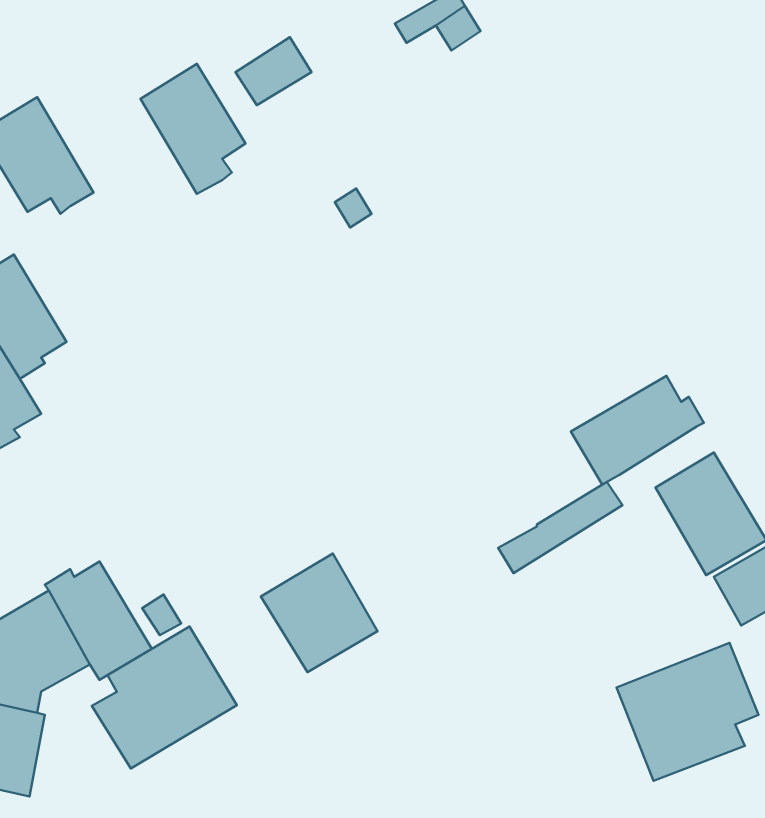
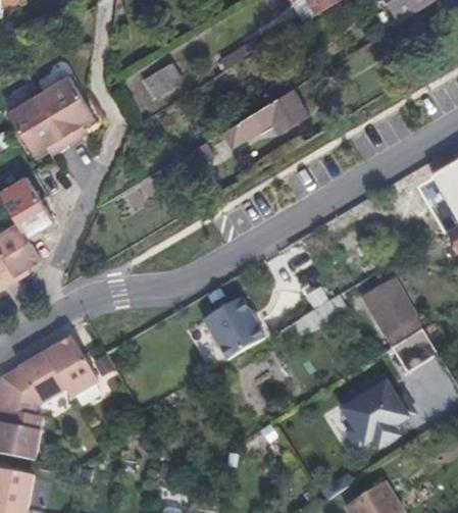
building: [140,64,245,194] -> [38,74,93,143]
building: none -> [222,88,308,146]
building: [571,376,704,485] -> none
building: [261,554,377,672] -> [201,298,262,360]
building: [92,627,237,769] -> none

